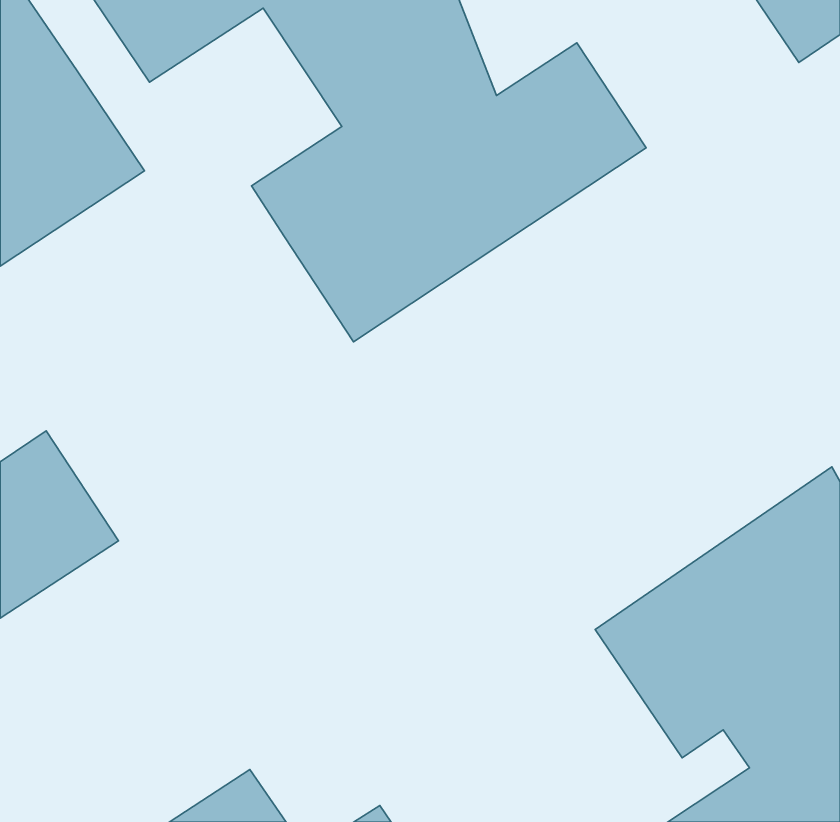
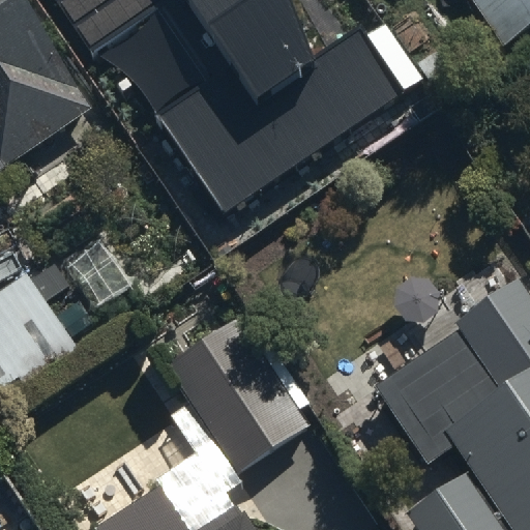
building: none -> [168,313,315,470]

